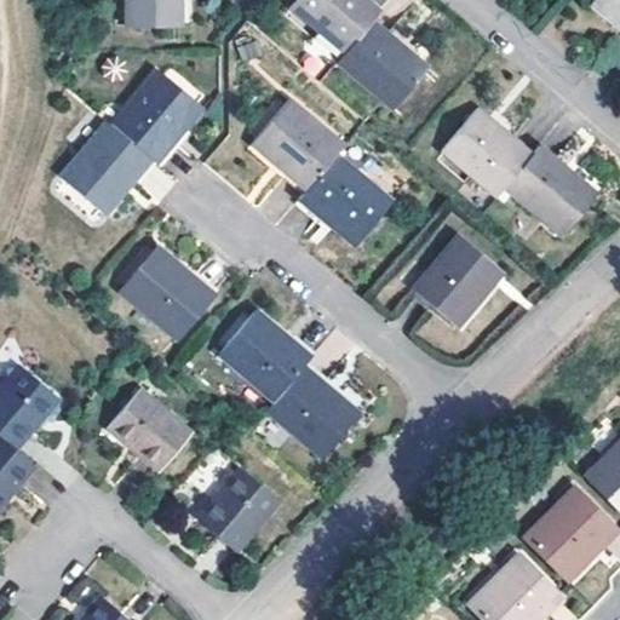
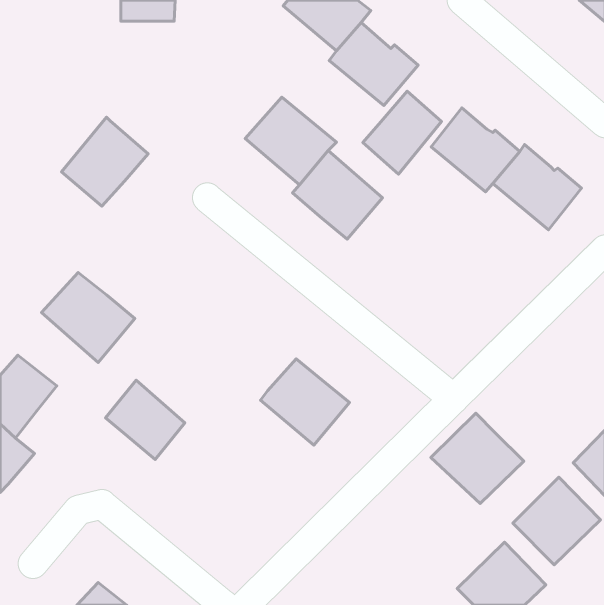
building: [114,69,203,161] -> none
building: none -> [363,91,441,174]
building: [412,234,503,326] -> none
building: [117,246,213,338] -> [41,272,135,362]
building: [219,310,311,400] -> none
building: none -> [431,413,524,504]
building: [199,467,279,550] -> none

